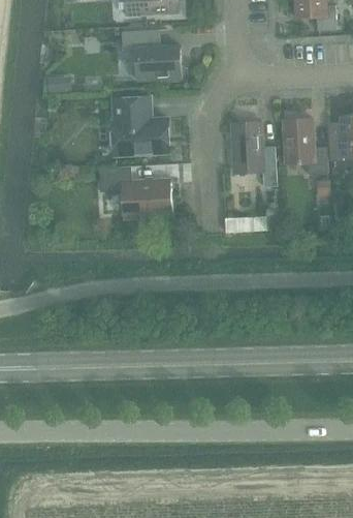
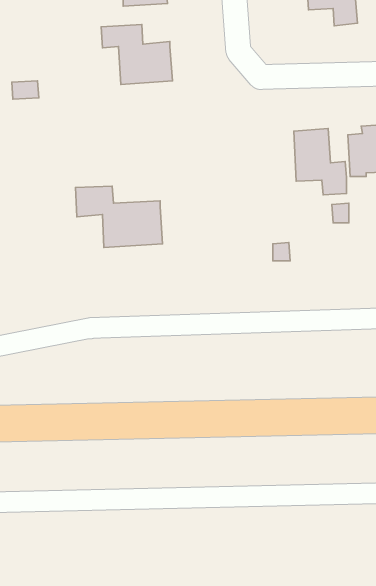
building: [113,96,168,154] -> none
building: [231,121,277,186] -> none

